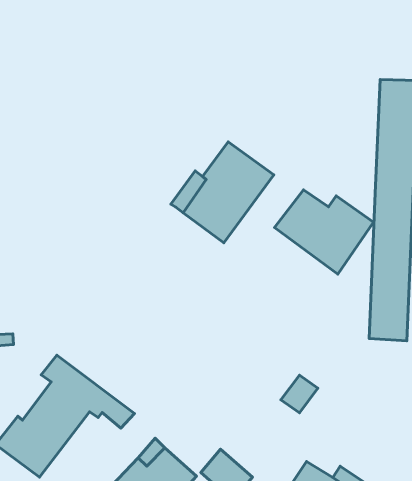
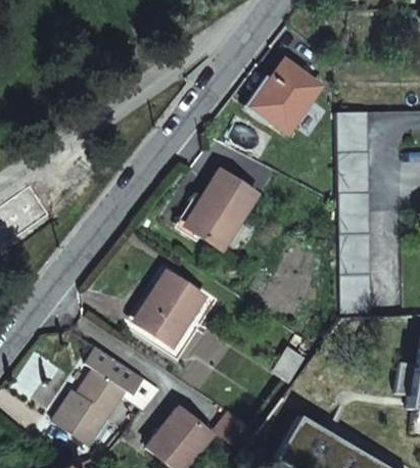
building: none -> [252,59,323,133]
building: [274,190,374,274] -> none
building: none -> [135,271,207,346]

